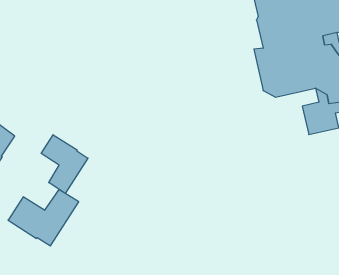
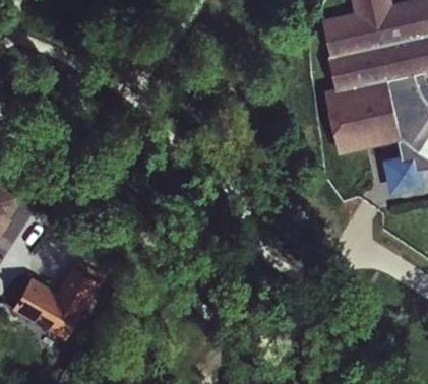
building: [41,135,88,193] -> none

